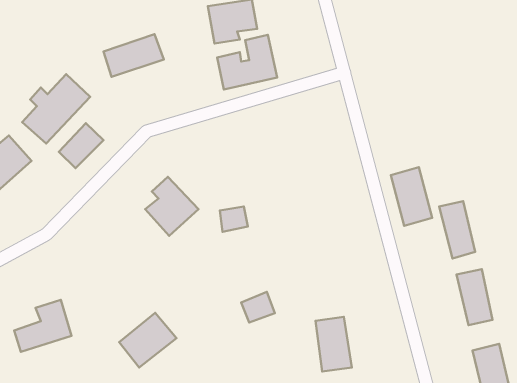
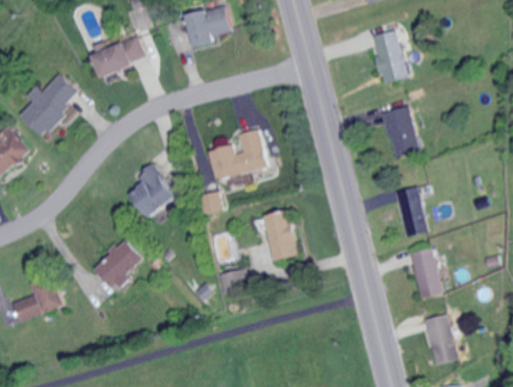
building: none -> [372,30,408,84]
building: [217,35,277,90] -> [213,129,267,178]
building: [59,123,104,168] -> none
building: [391,167,432,226] -> [380,105,417,158]
building: [119,313,177,368] -> [94,239,146,288]
building: [316,317,352,371] -> [265,210,298,259]

